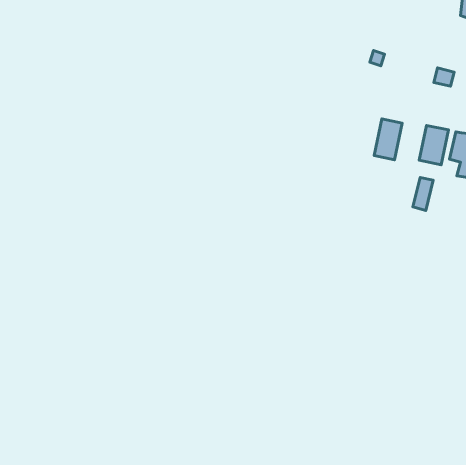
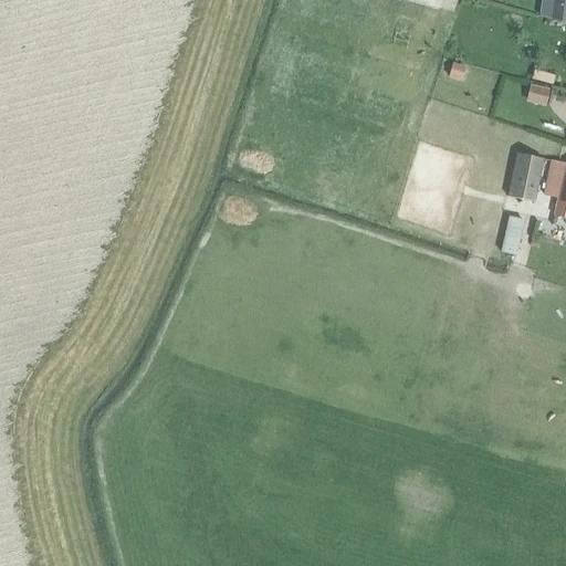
building: [374,119,402,160] -> none

